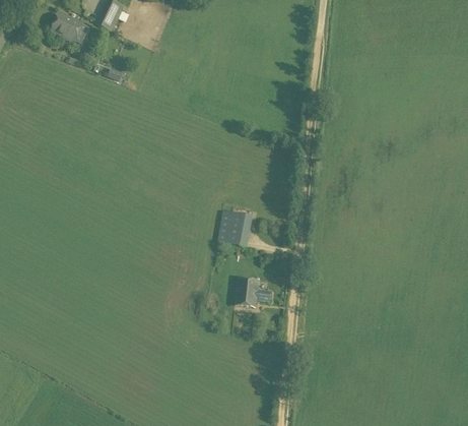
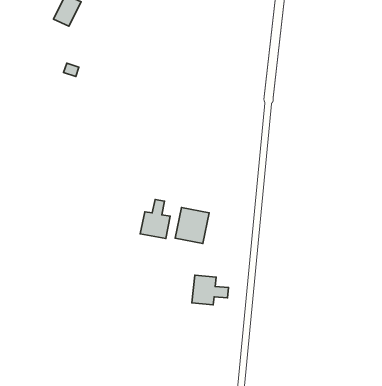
building: [51,13,82,41] -> none
building: none -> [140,199,170,238]

